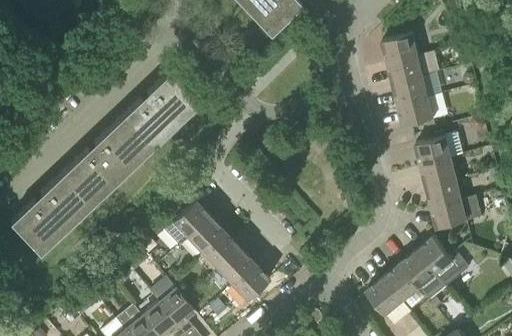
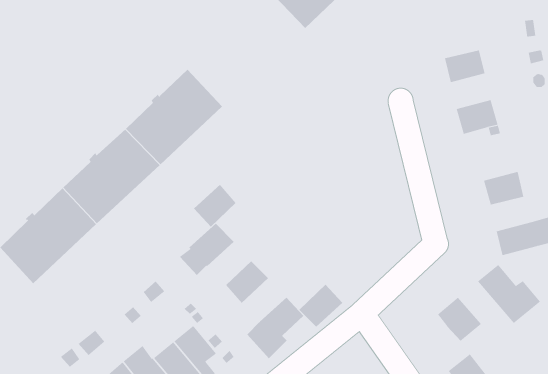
building: [384,33,419,61] -> none
building: [394,71,443,104] -> none
building: [417,134,464,165] -> none
building: [428,179,463,208] -> none
building: [188,217,225,254] -> [193,184,237,227]
building: [217,248,255,285] -> [298,284,343,327]
building: [401,251,448,300] -> none
building: [367,279,403,315] -> none

